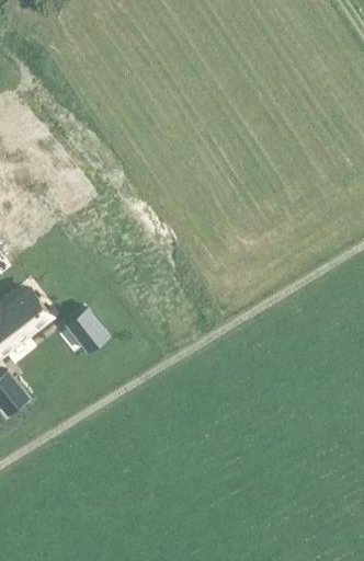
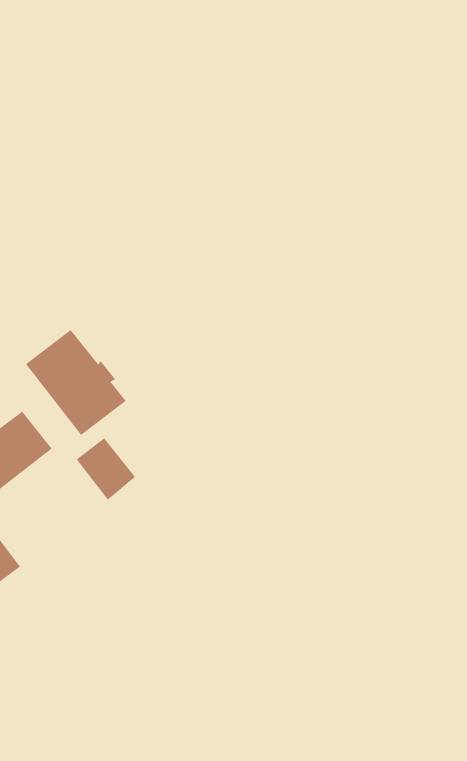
building: none -> [25,329,126,436]

